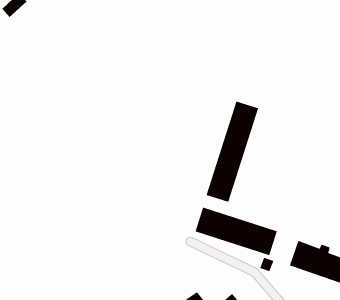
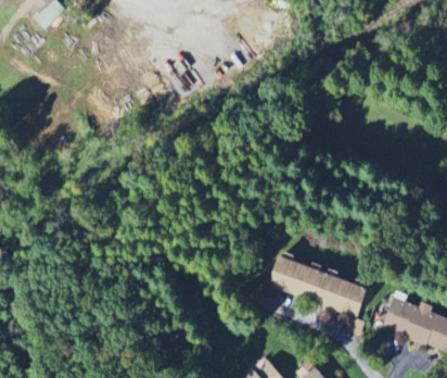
building: [205,100,259,203] -> none

